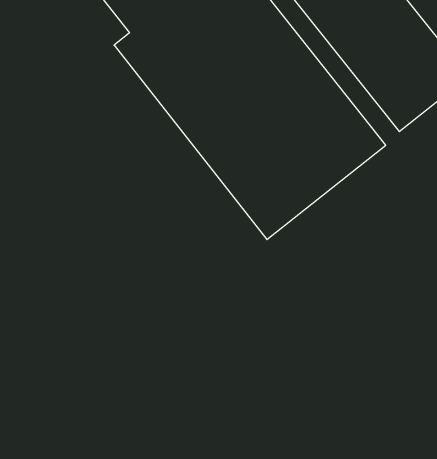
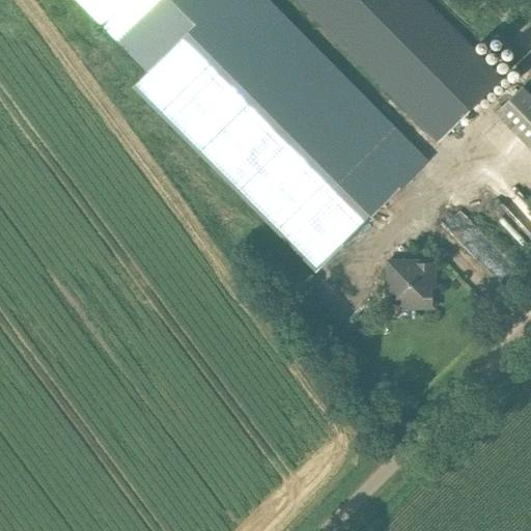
building: none -> [388,259,436,307]

